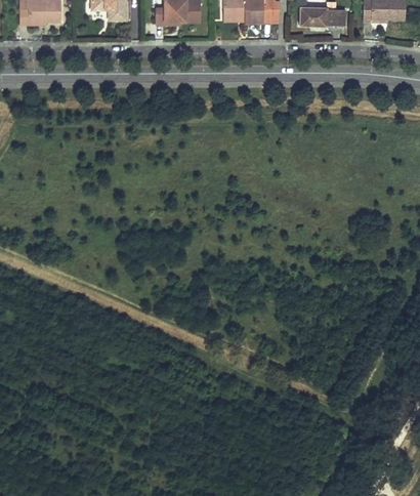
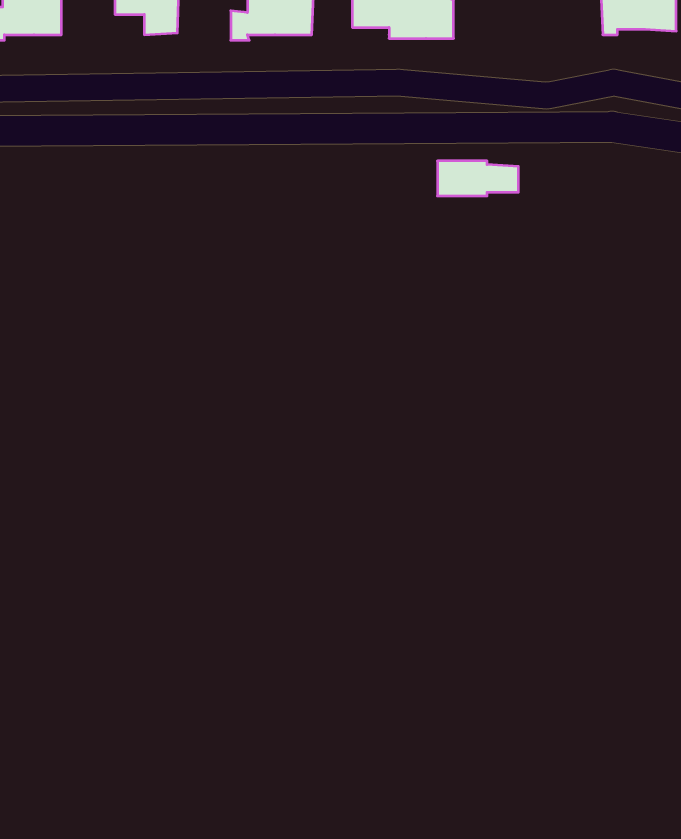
building: [299,8,344,28] -> [437,161,518,196]

